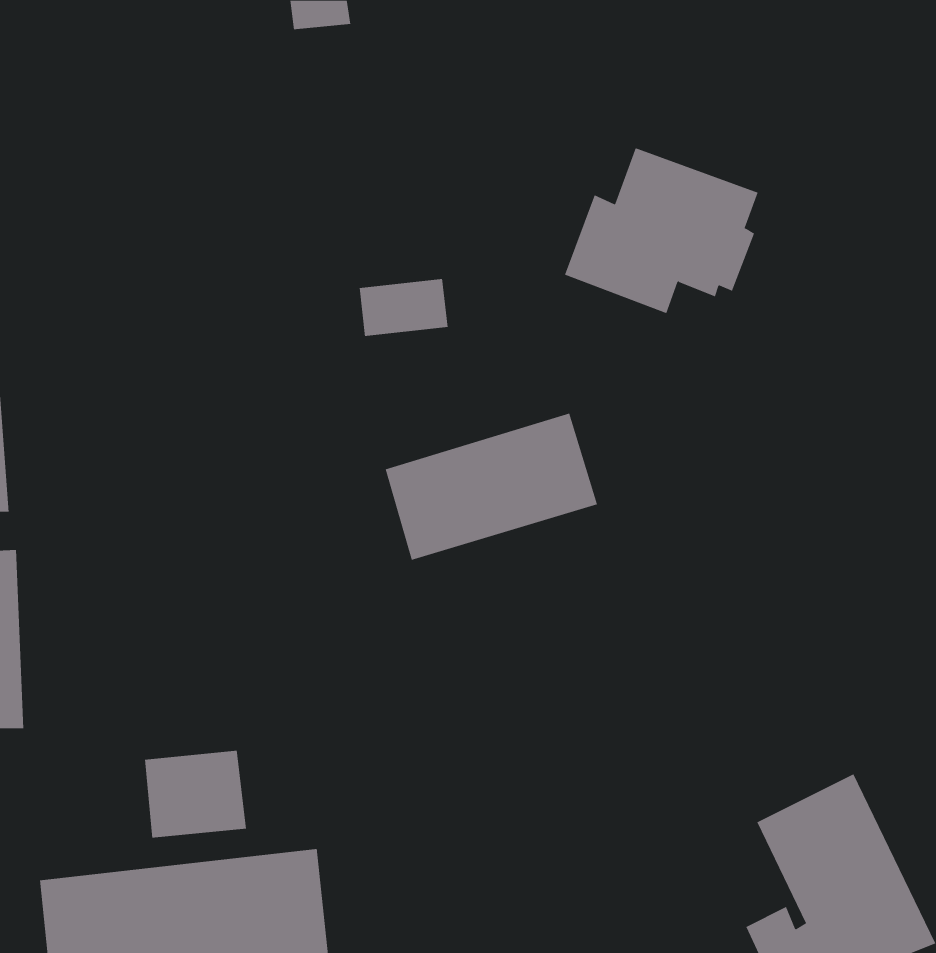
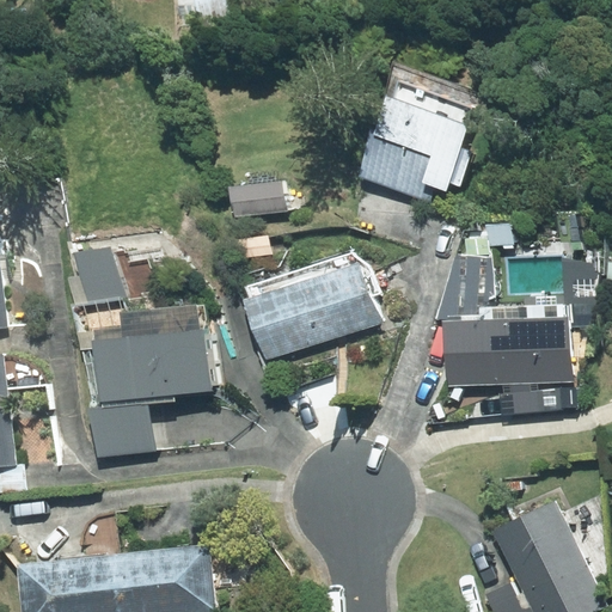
building: none -> [436,240,563,384]
building: none -> [82,249,124,305]
building: none -> [96,331,212,400]
building: [144,750,247,838] -> [87,402,153,458]

